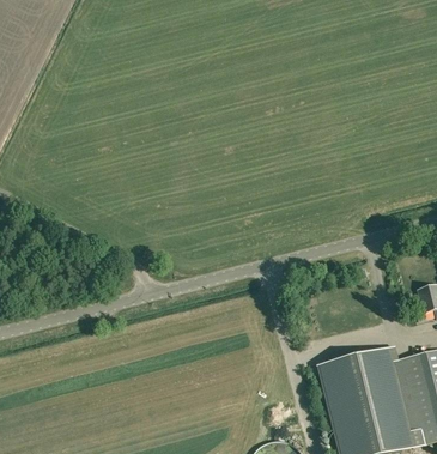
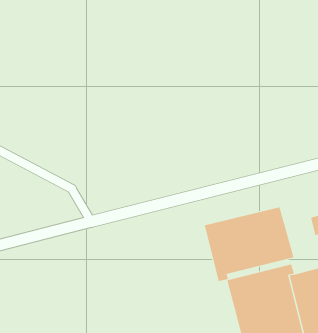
building: none -> [204,206,294,282]

